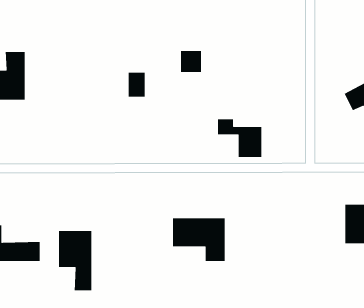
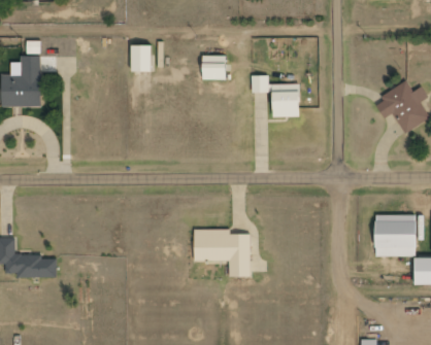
building: [128,72,146,97] -> [131,43,150,70]
building: [217,118,262,158] -> [251,74,298,115]
building: [58,230,92,291] -> none

